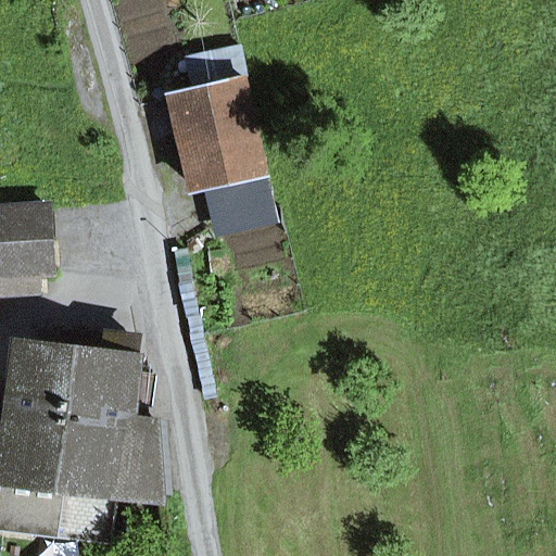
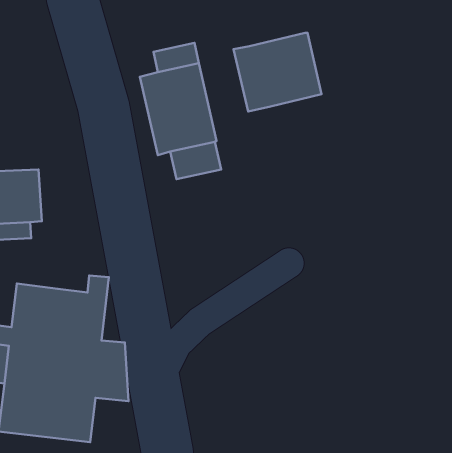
building: none -> [233,33,322,111]

